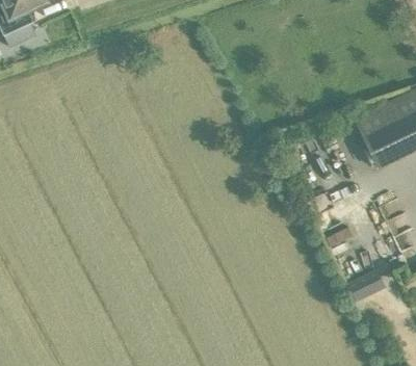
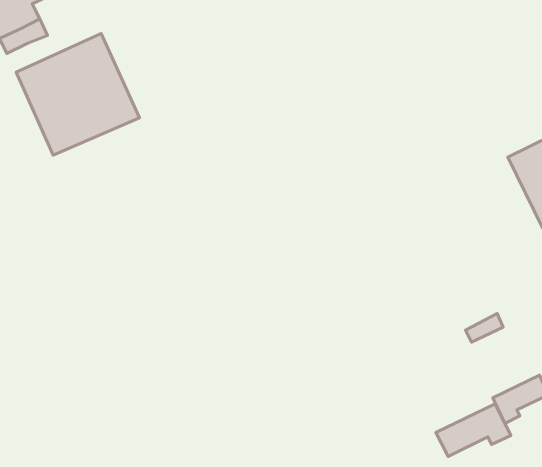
building: none -> [16,33,140,155]
building: none -> [436,404,511,456]

